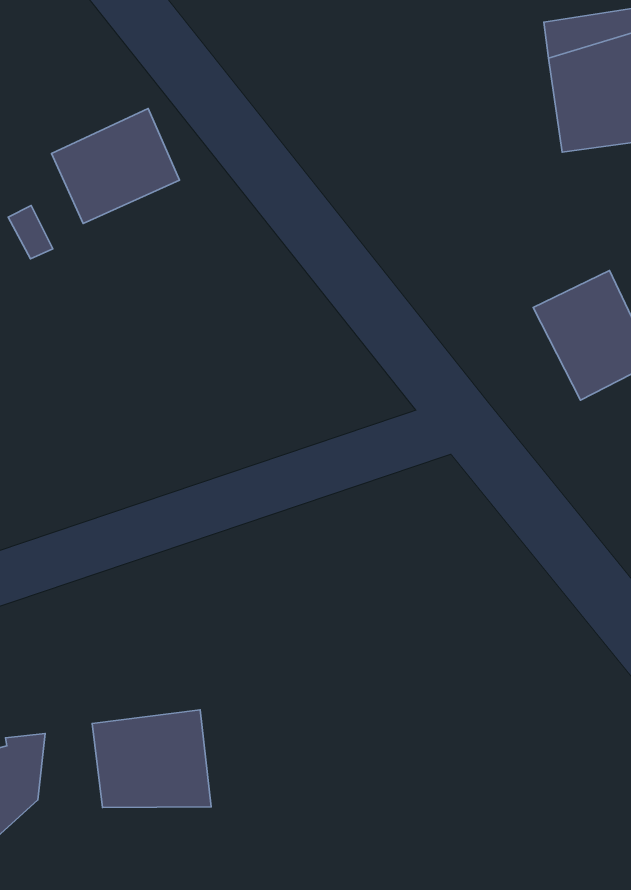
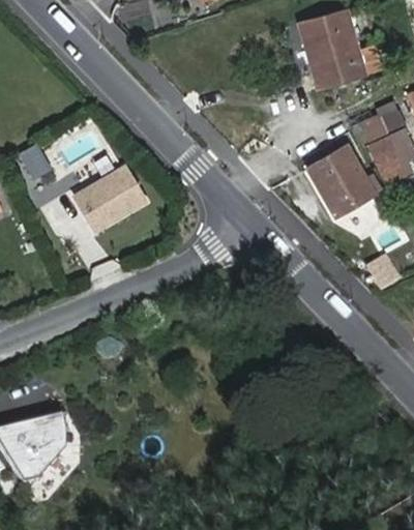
building: [52,109,180,223] -> [77,165,145,228]
building: [92,710,211,808] -> none

